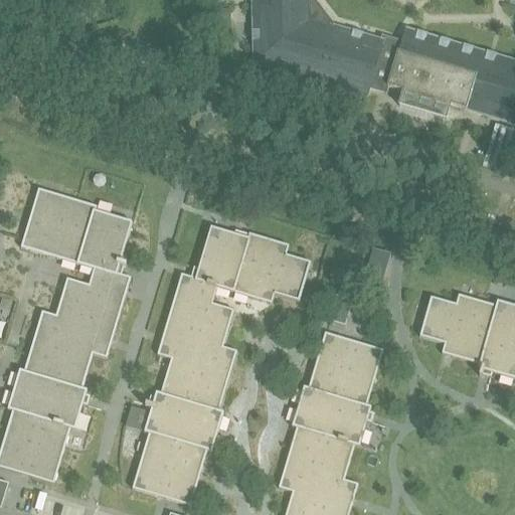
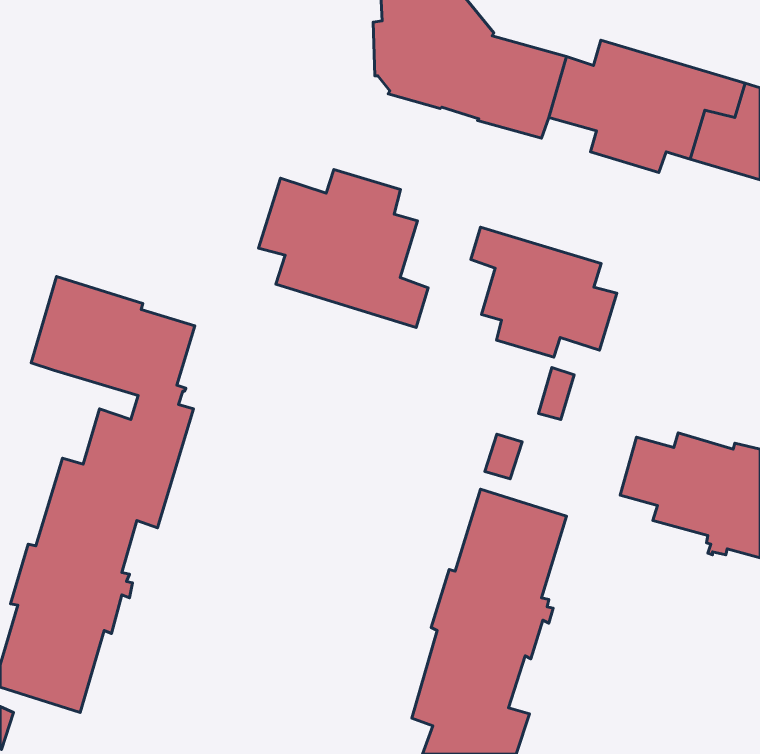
building: none -> [258,169,428,327]
building: none -> [471,227,617,357]
building: [132,225,311,504] -> none

